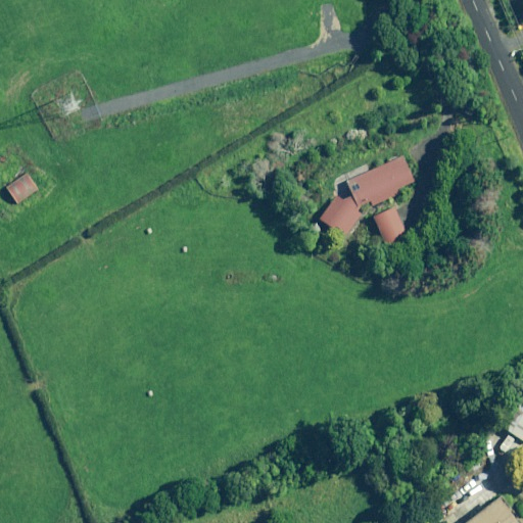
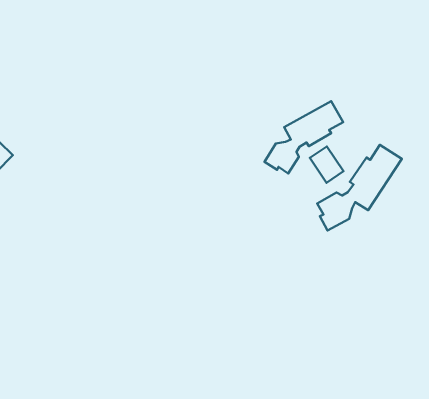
building: none -> [317,145,402,231]

